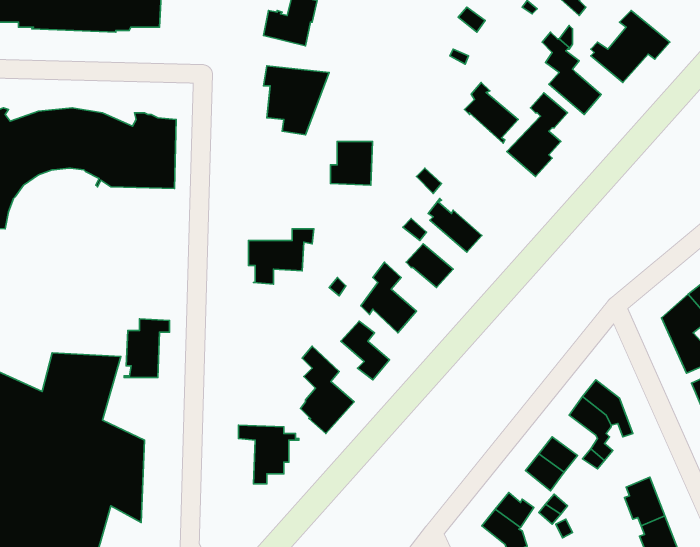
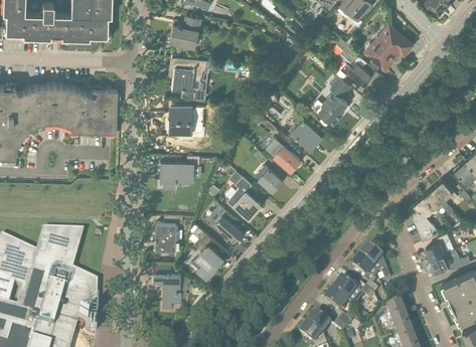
building: [464,83,518,143] -> [288,113,320,149]
building: [330,141,372,185] -> [167,106,192,132]
building: [124,319,170,377] -> [155,214,182,249]

